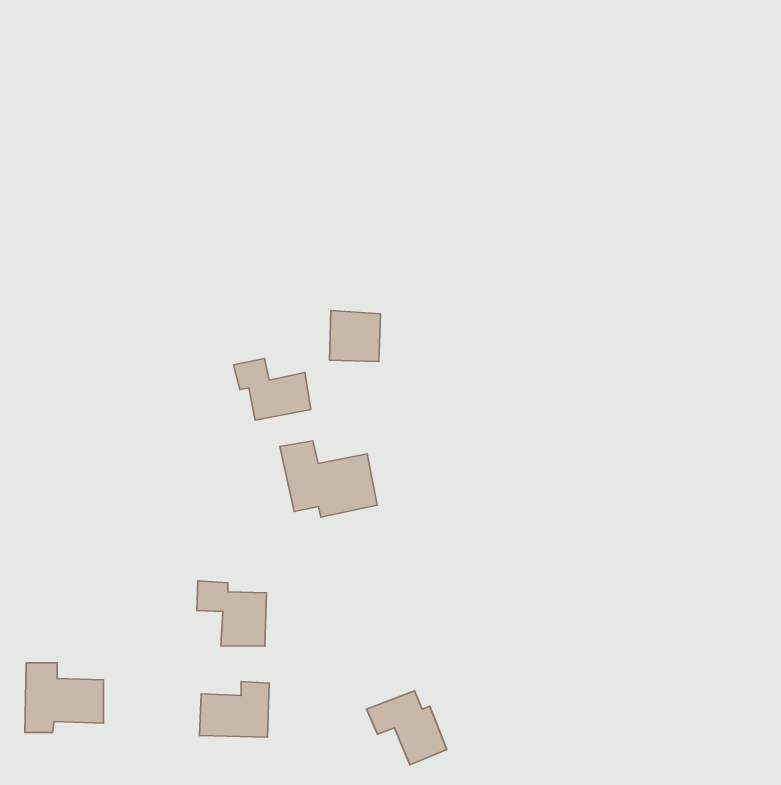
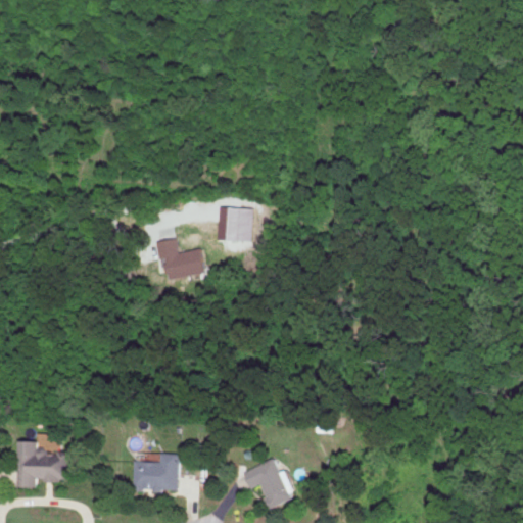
building: [280,441,377,517] -> none
building: [197,581,266,646] -> none

